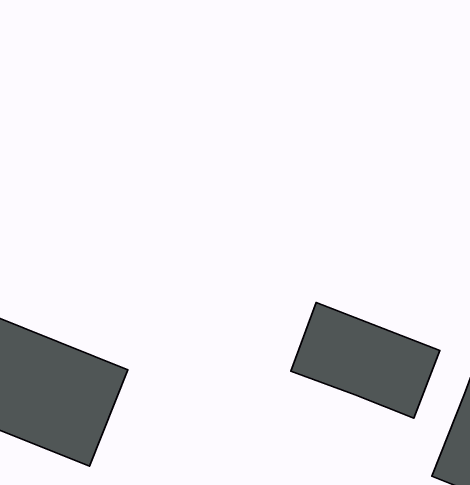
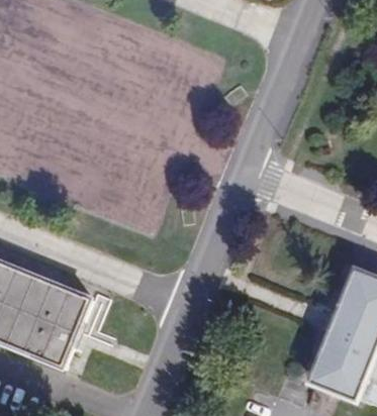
building: [291,302,440,418] -> none

